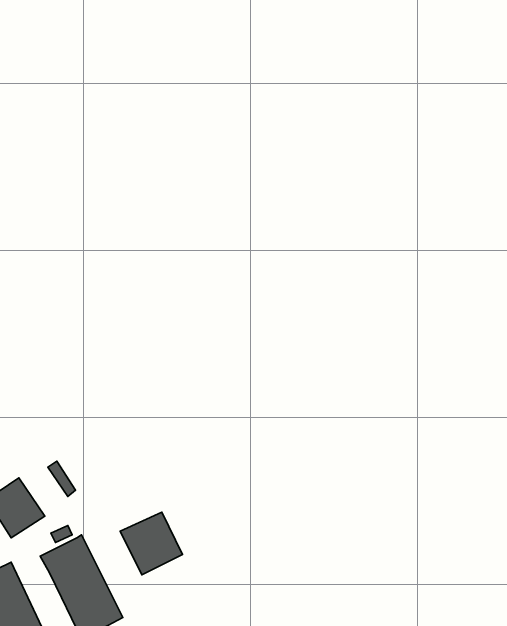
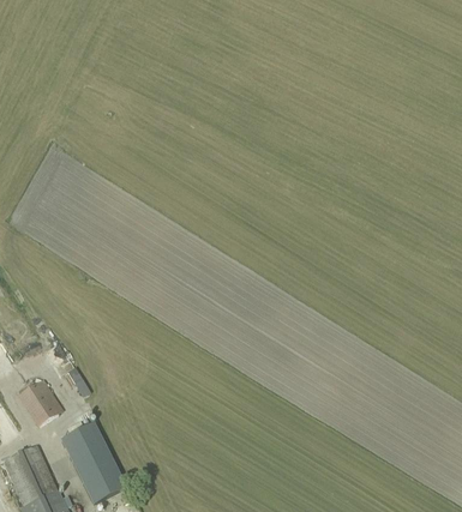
building: [120,512,182,575] -> none

